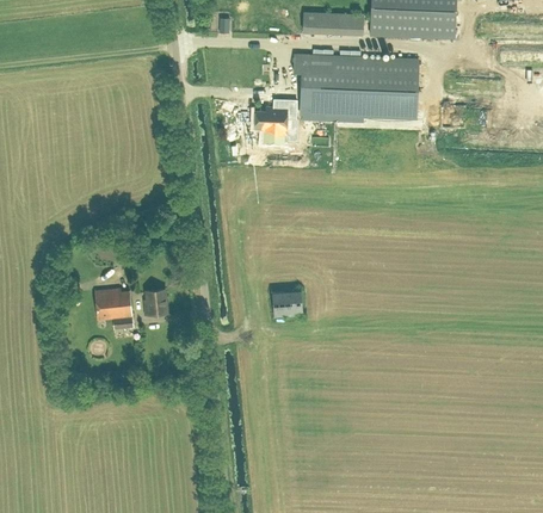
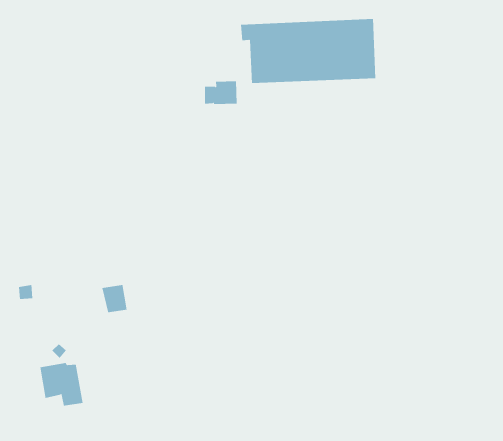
building: [94,289,132,329] -> [40,362,83,406]
building: [271,290,303,319] -> none

